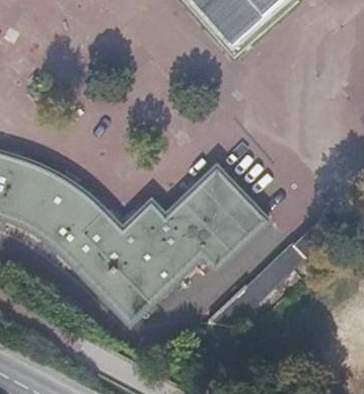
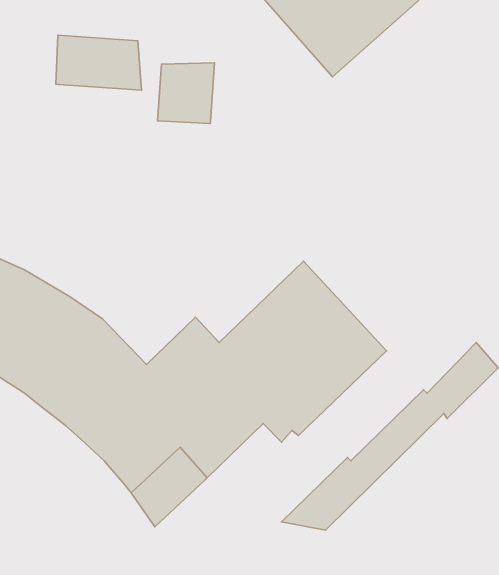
building: none -> [56,35,141,90]
building: none -> [157,63,215,124]

